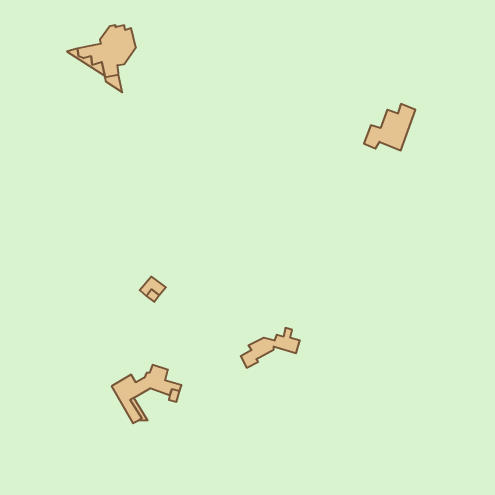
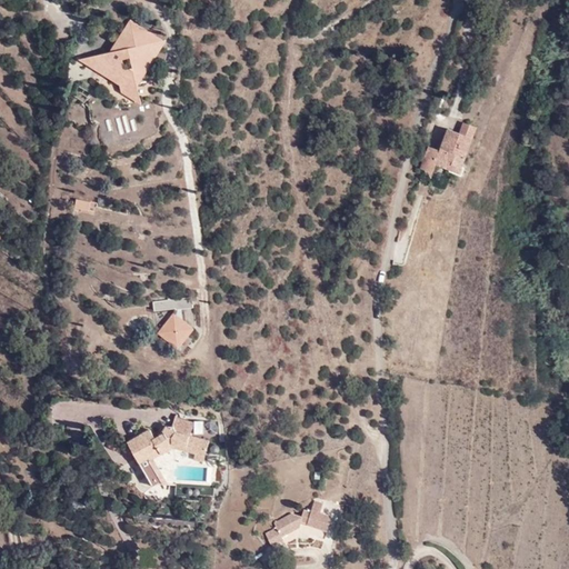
building: none -> [106,19,164,56]
building: [241,328,300,368] -> [262,502,330,548]

